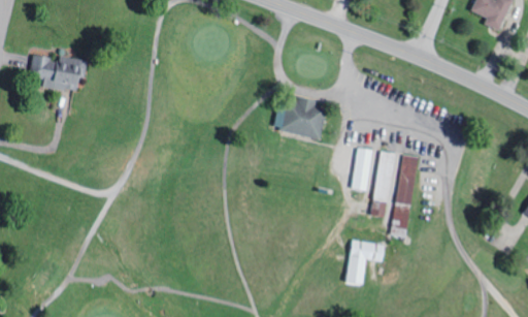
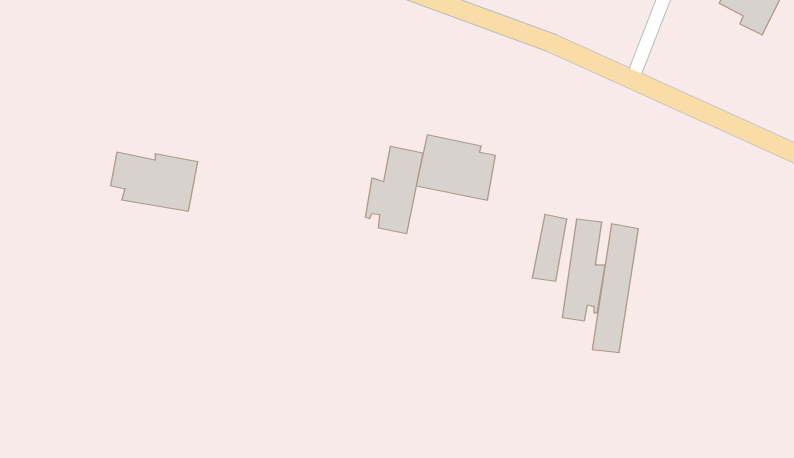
building: [29,54,86,92] -> [111,152,198,211]
building: none -> [366,146,423,234]
building: [345,241,385,284] -> none

